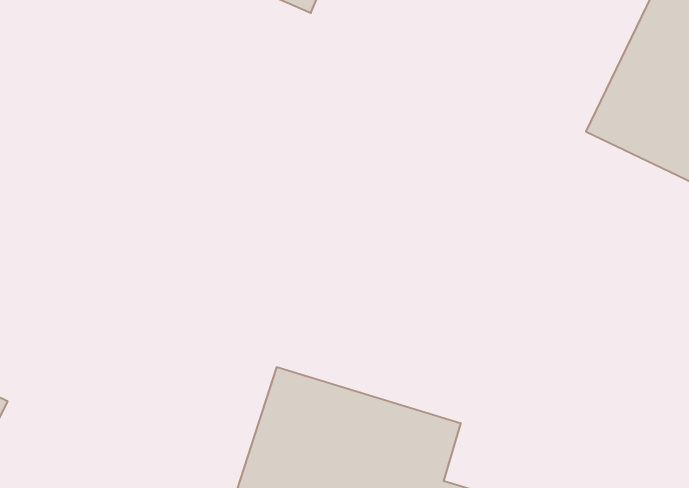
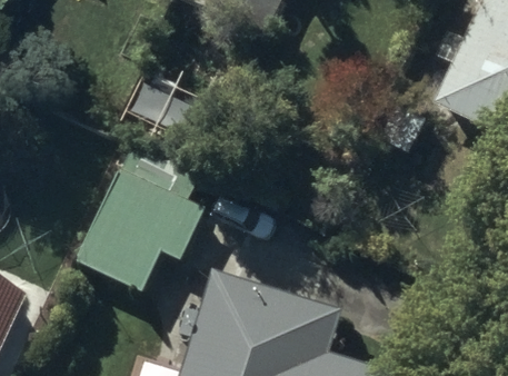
building: none -> [78,144,207,289]

